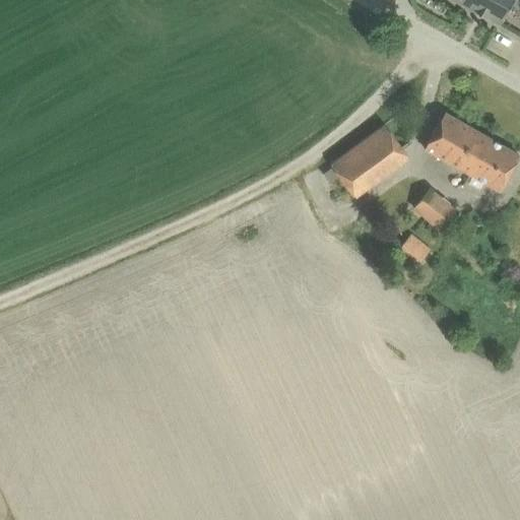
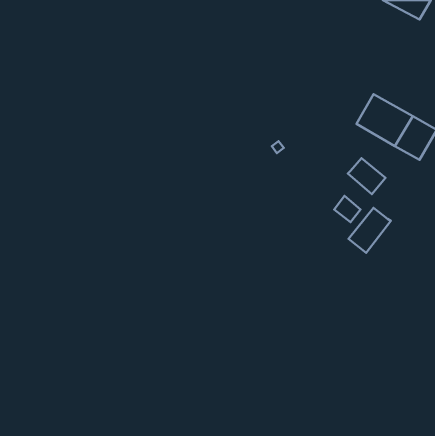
building: [332,125,403,188] -> none
building: none -> [348,208,391,253]

